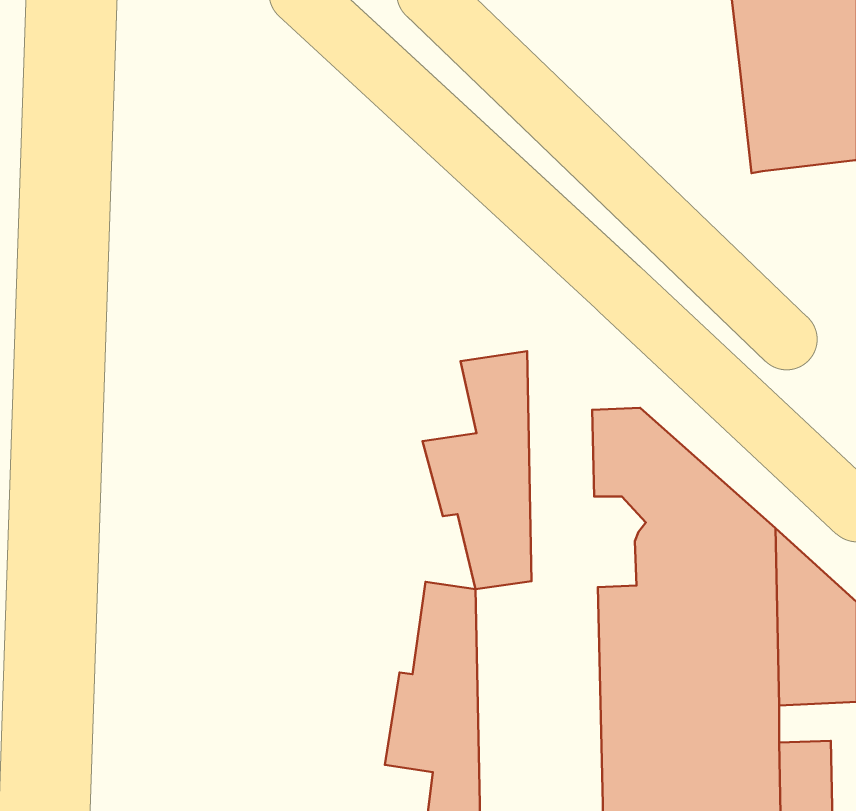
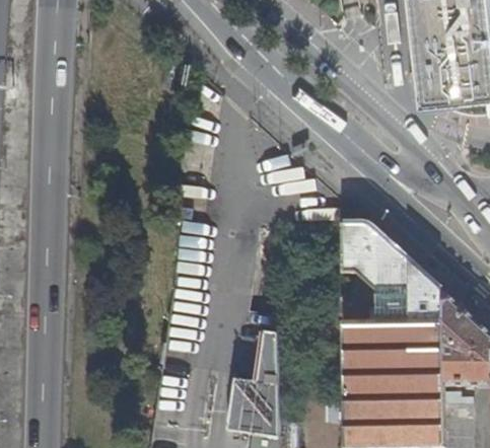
building: [423,351,532,589] -> none

